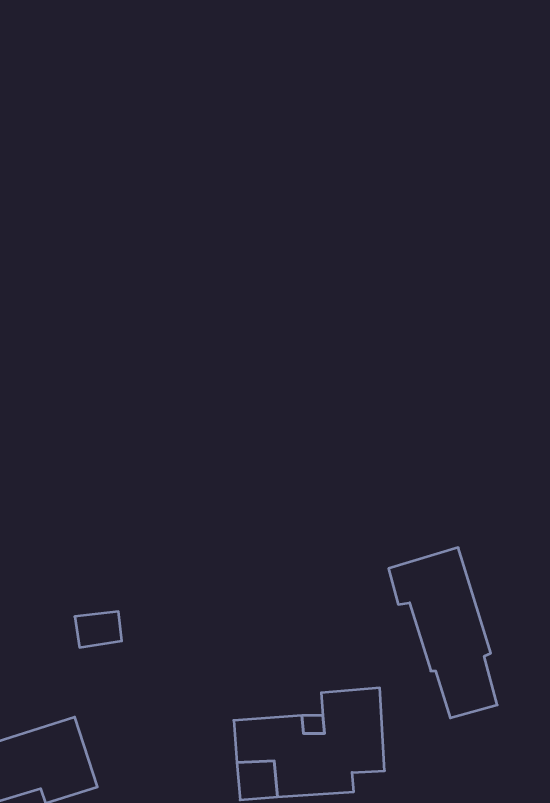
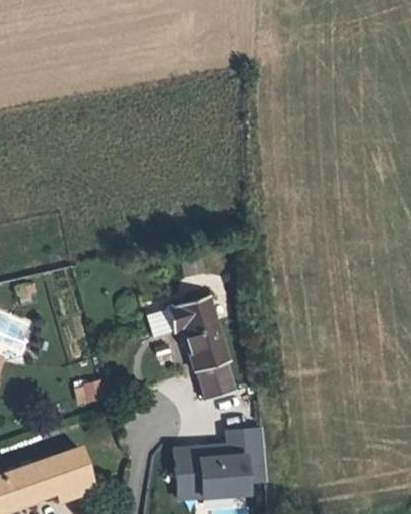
building: [389,548,497,718] -> [167,298,234,404]

